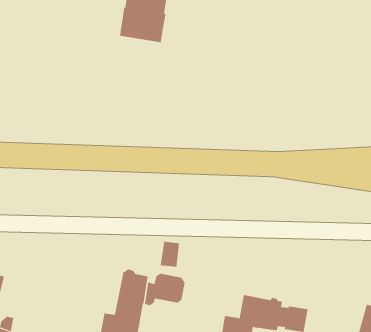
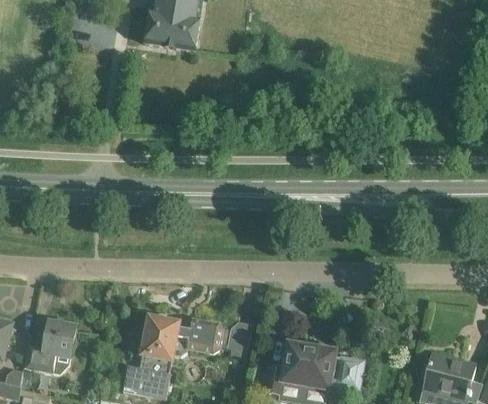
building: [160,241,180,267] -> [226,319,249,349]
building: none -> [23,322,75,375]

